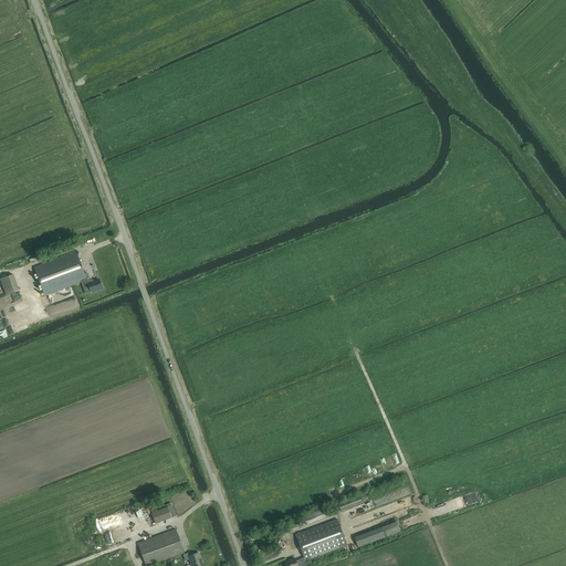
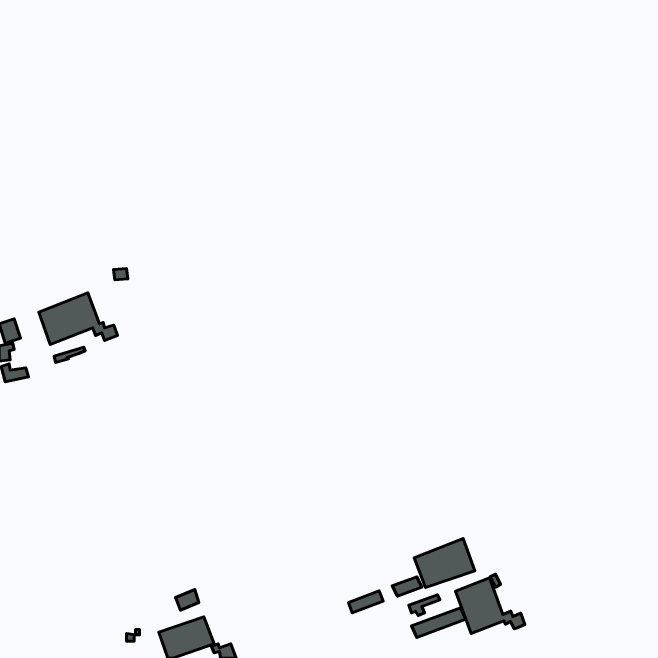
building: none -> [456,578,525,633]
building: [294,517,346,559] -> [414,538,475,588]

